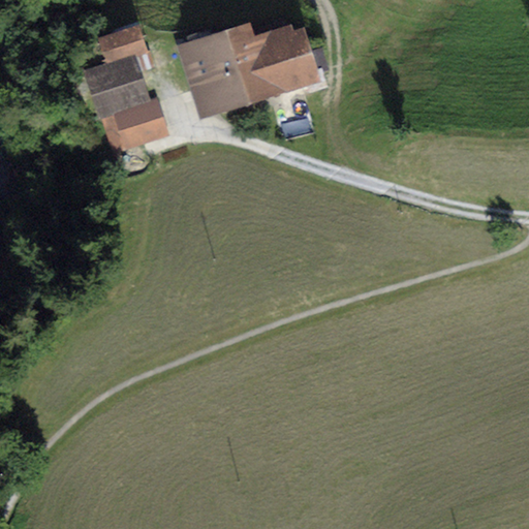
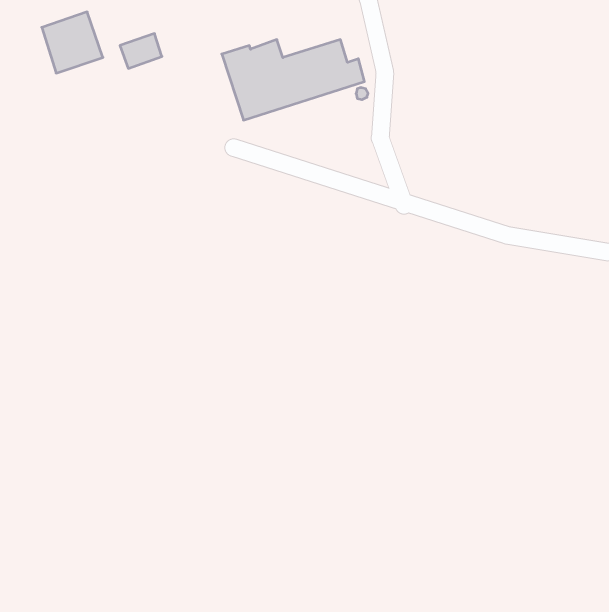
building: [90,59,143,112] -> [42,12,103,73]
building: [103,102,160,147] -> none

